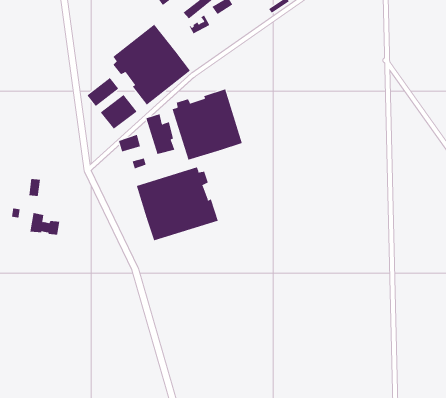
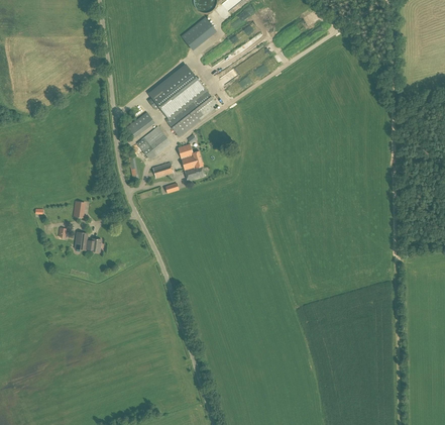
building: [172,88,242,161] -> none
building: [136,167,219,241] -> none

